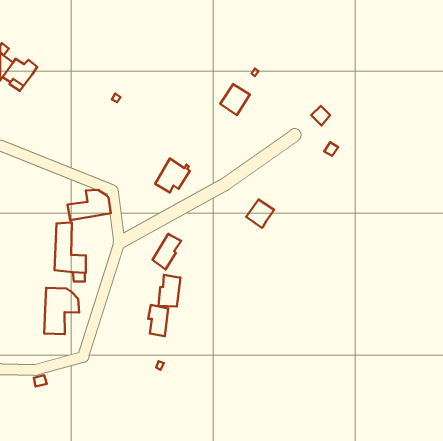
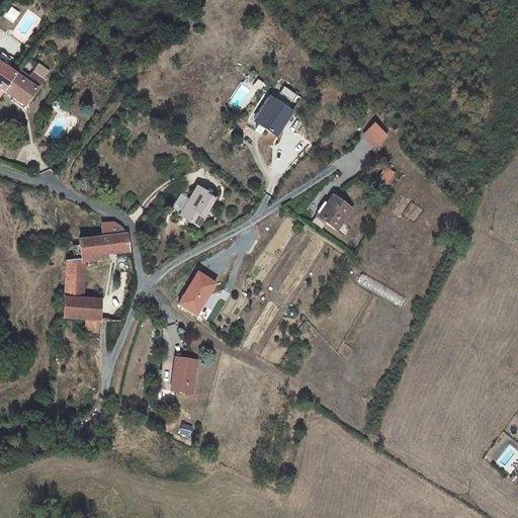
building: [246,199,274,228] -> [319,195,351,229]
building: [158,275,180,307] -> none
building: [44,288,79,334] -> none

